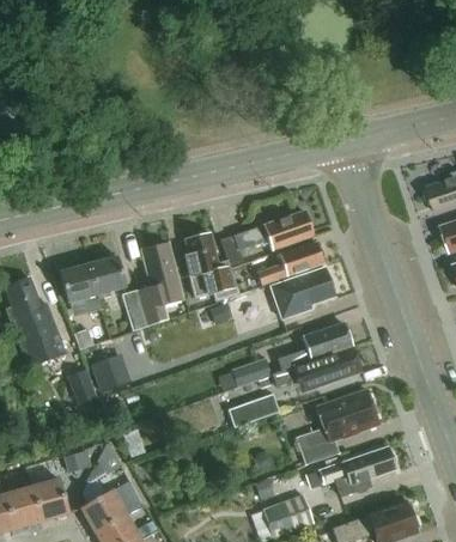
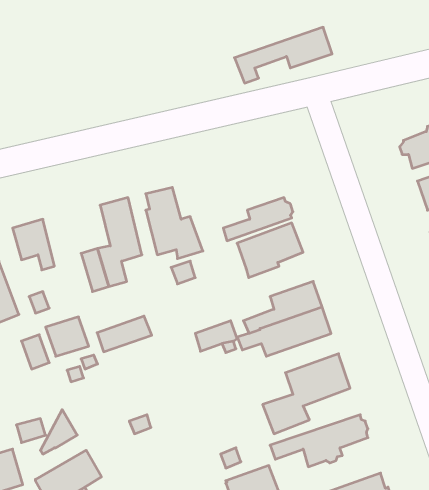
building: [220,209,312,262] -> [234,27,332,83]
building: [89,255,126,306] -> none
building: [227,390,279,424] -> [97,316,152,352]

